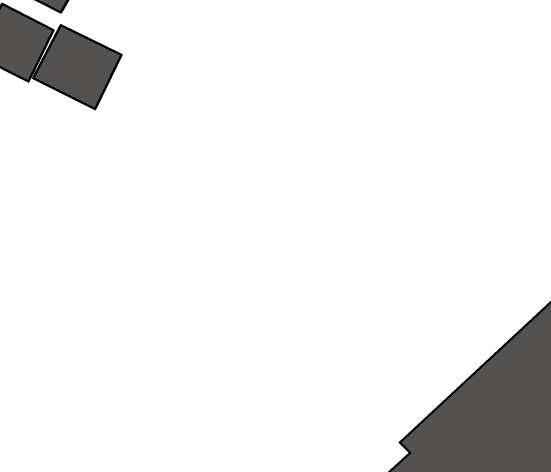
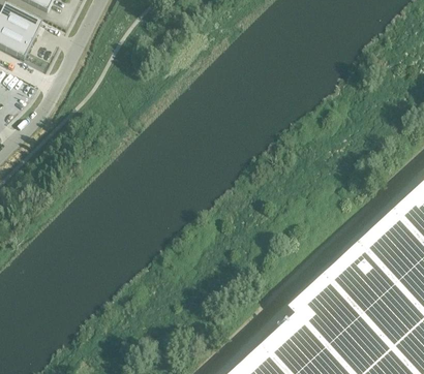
building: [33,25,122,109] -> none

